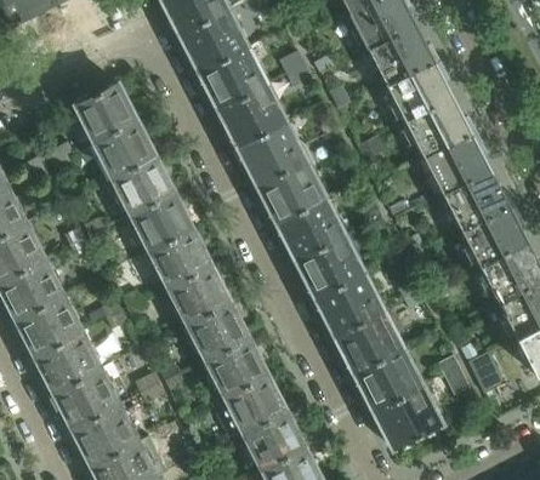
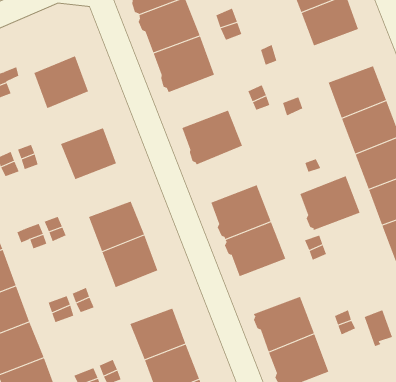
building: [386,61,451,120] -> none
building: [73,82,136,143] -> none
building: [237,125,303,184] -> none
building: [112,156,174,215] -> none
building: [275,196,342,259] -> none
building: [149,229,211,288] -> none
building: [334,310,400,372] -> [299,176,361,231]
building: [204,337,267,396] -> none

